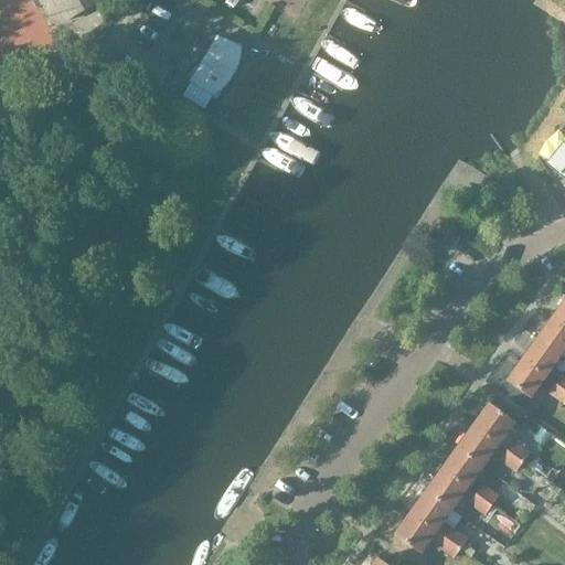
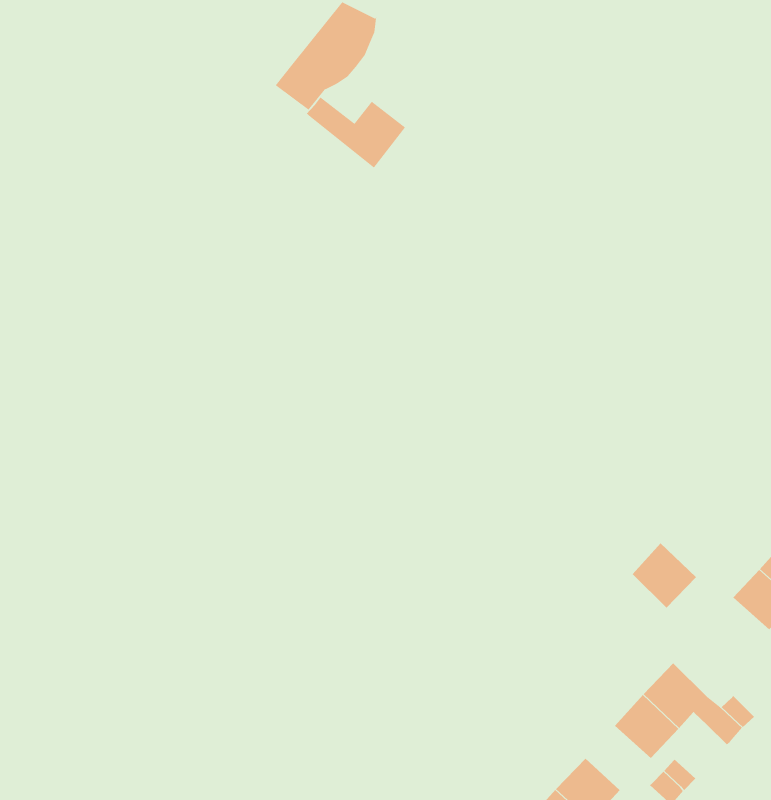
building: none -> [306,96,406,168]
building: [476,399,516,440] -> [632,542,697,609]
building: [428,466,469,505] -> none

